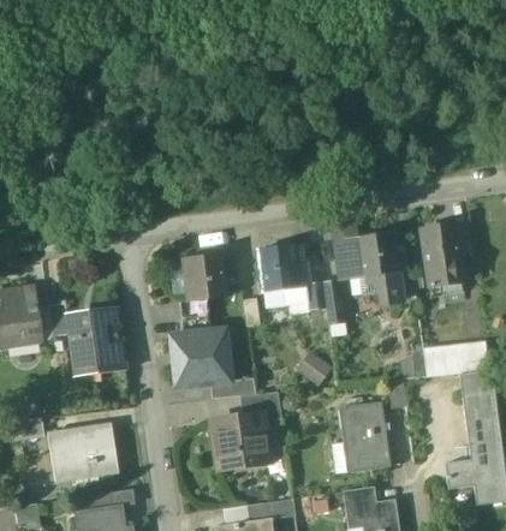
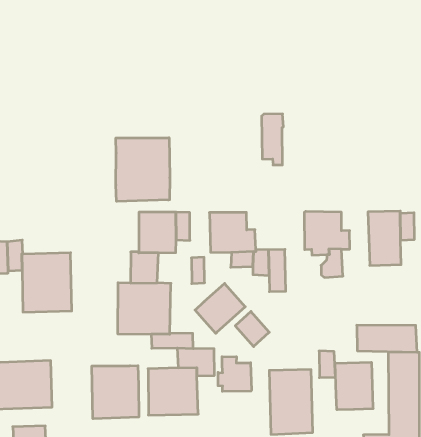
building: none -> [116,138,170,201]
building: [333,225,361,279] -> [262,114,283,165]
building: none -> [195,283,245,333]
building: none -> [335,362,373,410]
building: none -> [218,357,252,391]
building: none -> [92,366,139,419]

